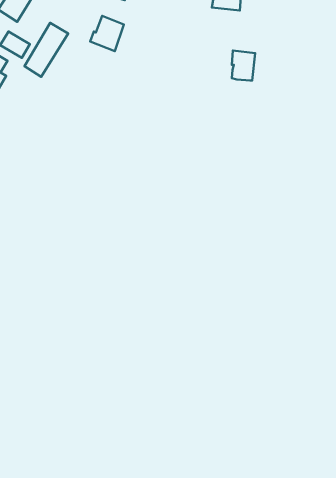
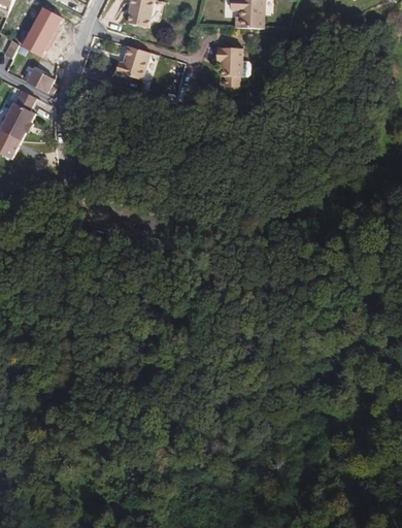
building: [25,23,68,77] -> none
building: [232,51,255,80] -> [220,47,242,76]

